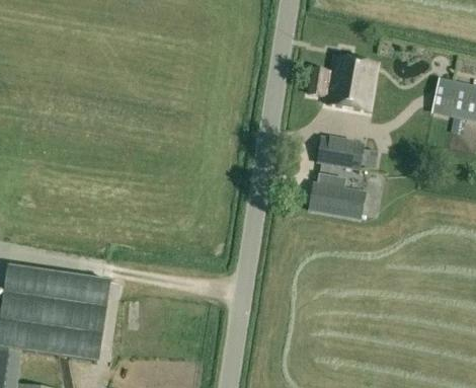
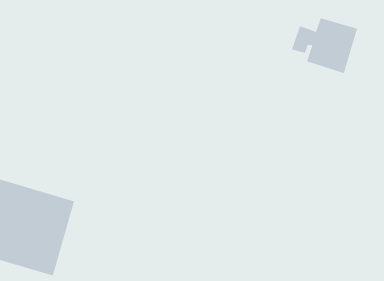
building: [316,135,363,168] -> none
building: [308,172,366,219] -> none

